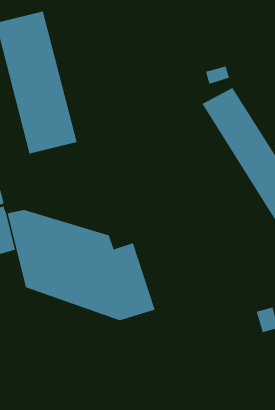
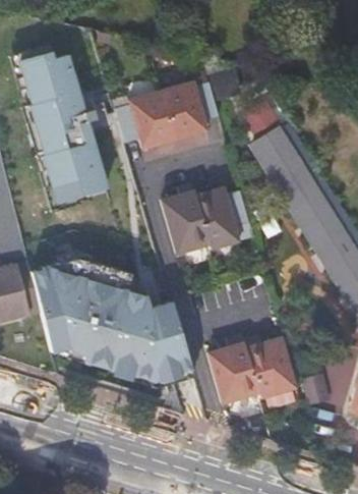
building: none -> [115,81,218,150]
building: none -> [161,184,249,256]
building: none -> [208,335,297,405]

